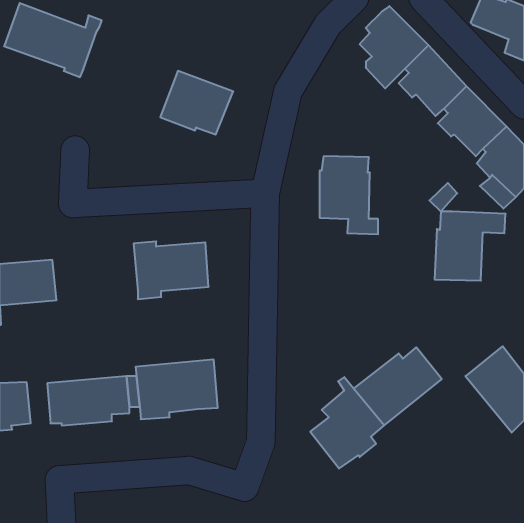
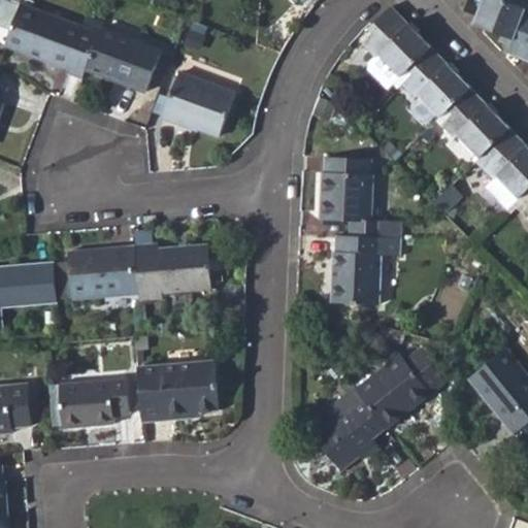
building: none -> [84,27,161,93]
building: [435,212,506,281] -> [331,234,402,303]
building: none -> [67,244,138,298]

